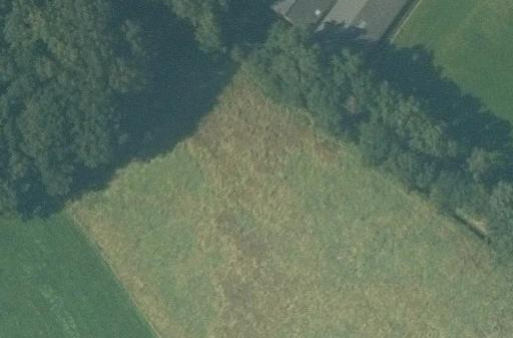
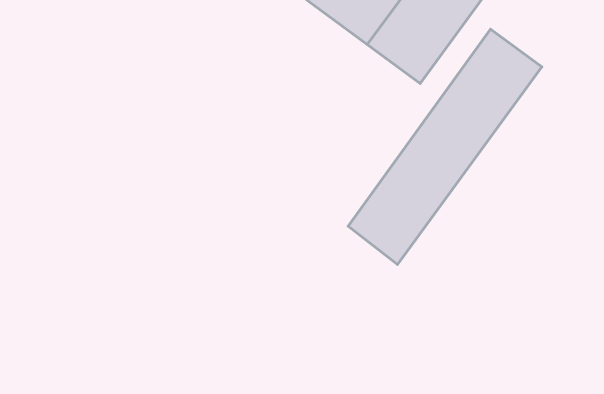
building: none -> [348,29,542,264]

